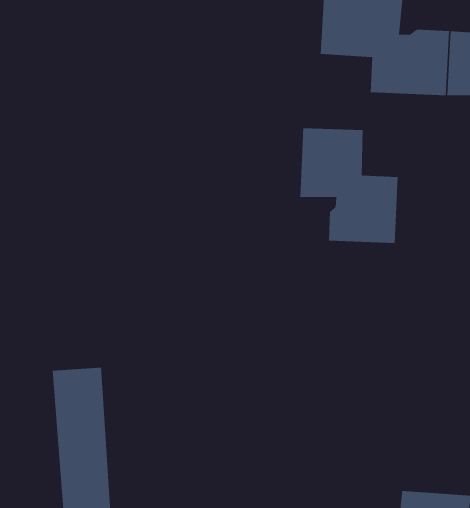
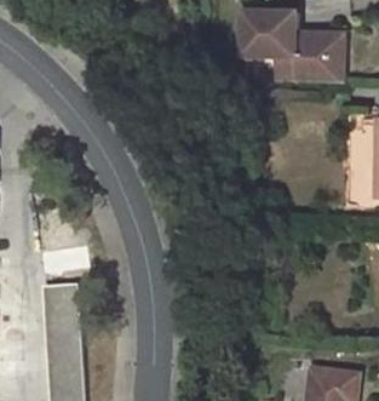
building: [300,128,398,244] -> none

